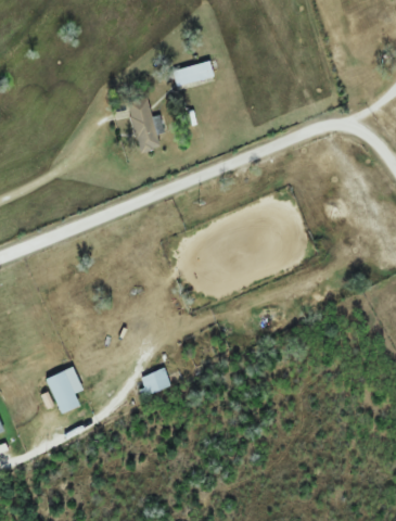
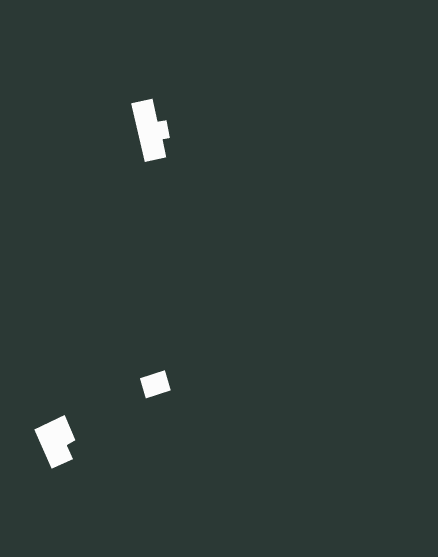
building: [173,62,214,86] -> none
building: [141,368,169,394] -> [139,369,172,400]

